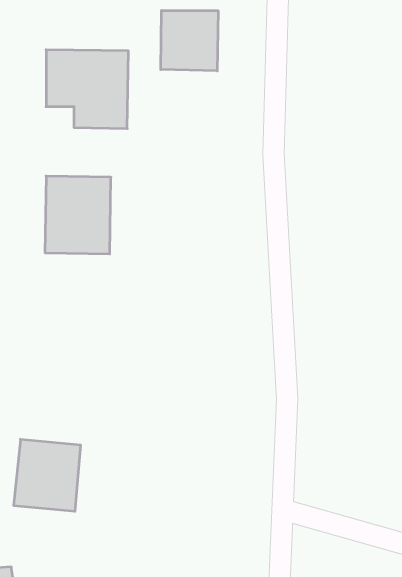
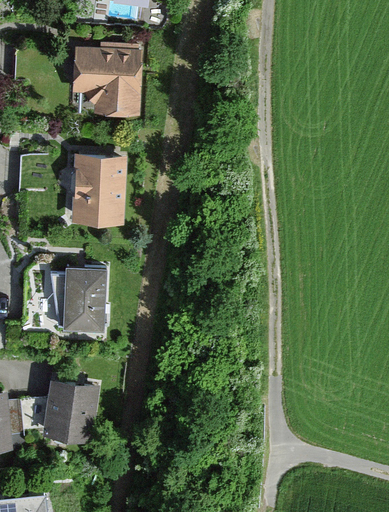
building: [161,10,218,71] -> none
building: none -> [60,271,105,333]

